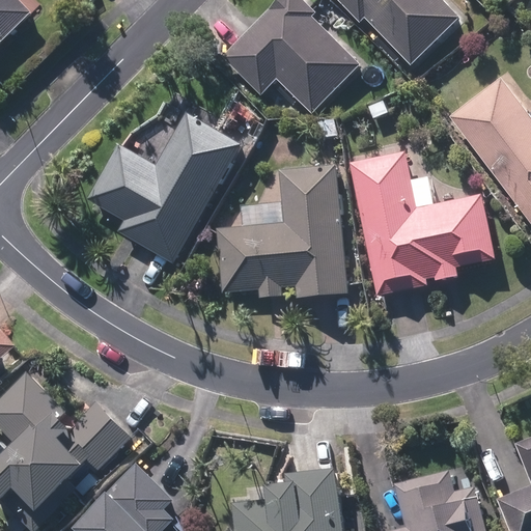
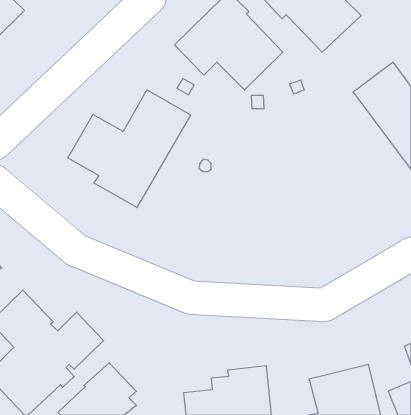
building: [350,151,496,296] -> none
building: [219,167,346,299] -> none

